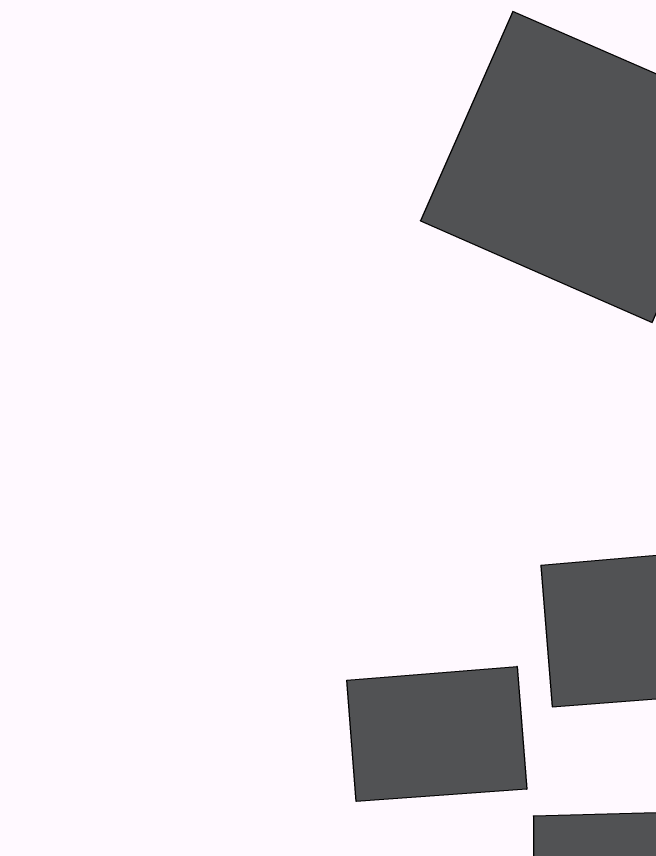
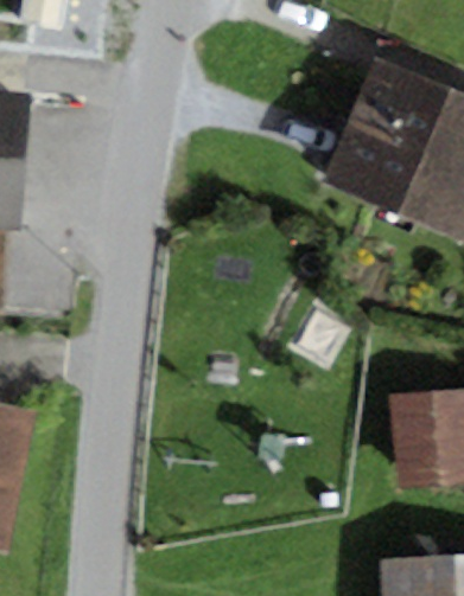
building: [347,666,527,801] -> none

